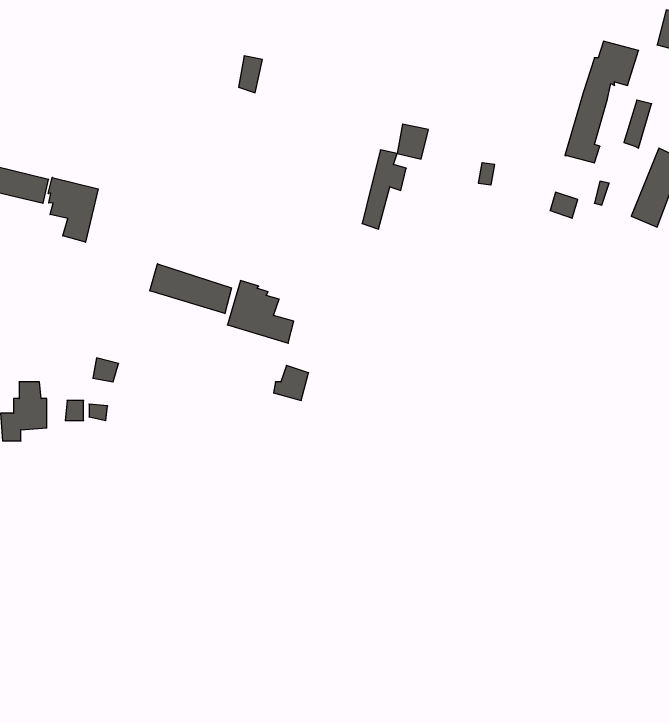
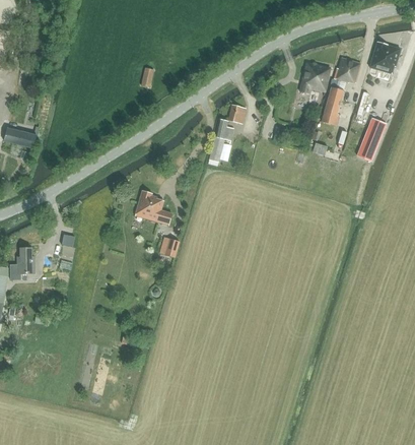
building: none -> [298,62,329,93]
building: [48,177,98,242] -> none
building: [150,264,231,314] -> none

